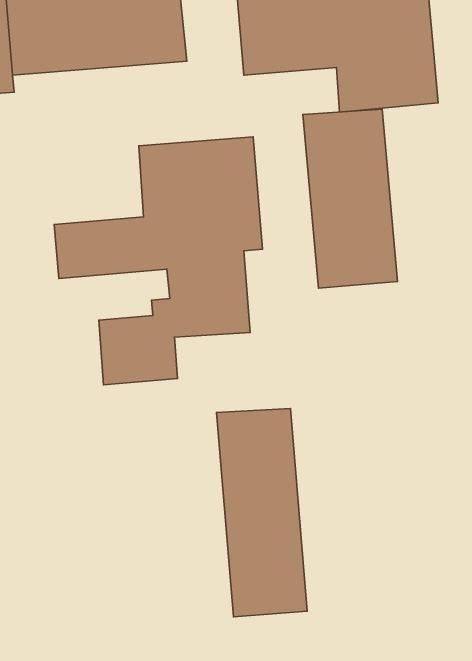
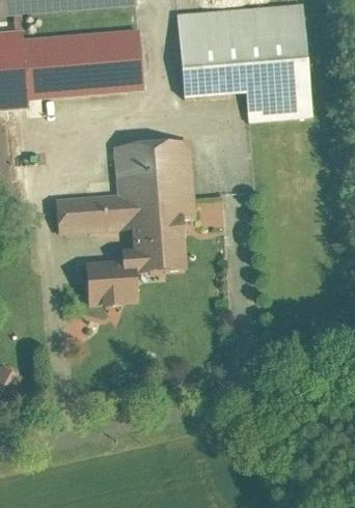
building: [303,109,397,288] -> none
building: [216,409,307,617] -> none

